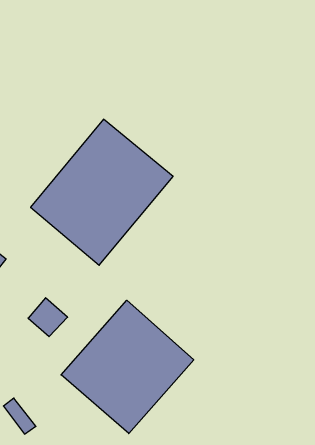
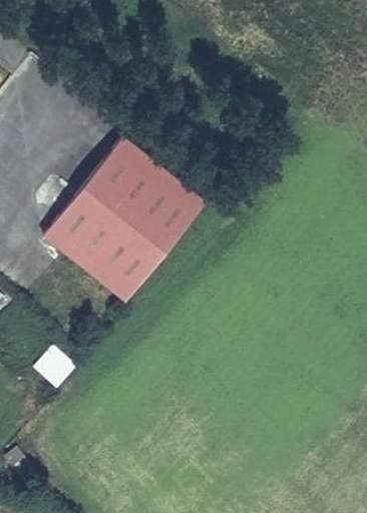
building: [61,300,194,434] -> none

